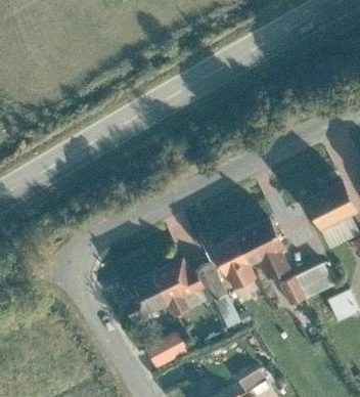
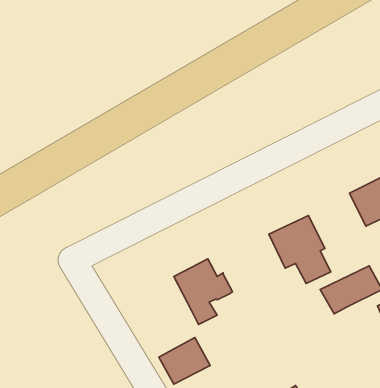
building: [213,236,256,288] -> none
building: [196,263,240,327] -> none
building: [124,273,169,321] -> none

